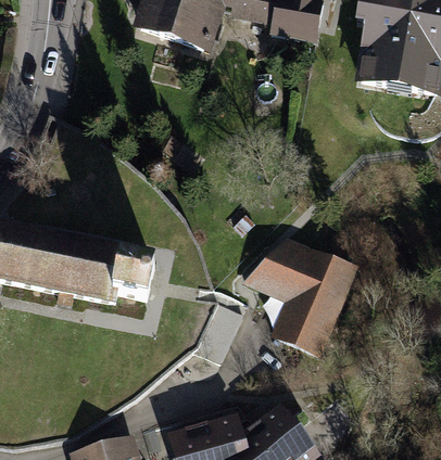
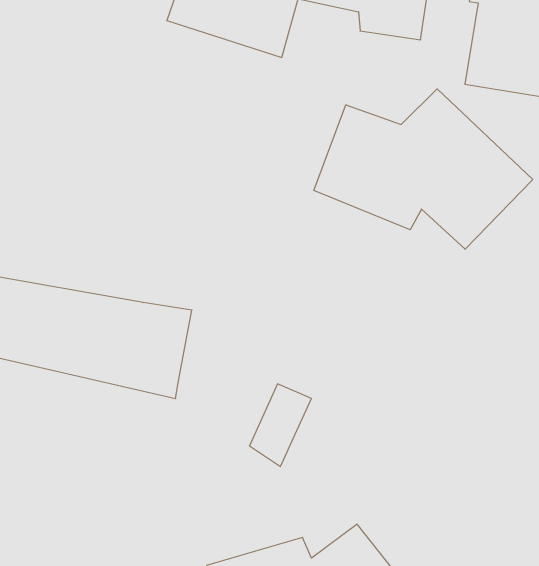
building: none -> [314,89,533,249]
building: [242,234,356,354] -> none

